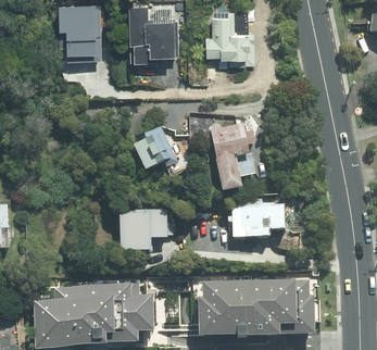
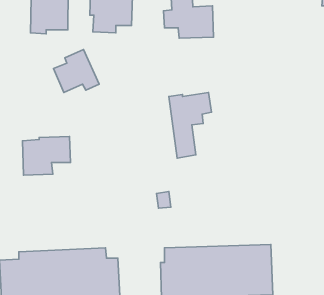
building: [125,124,173,168] -> [53,50,99,92]
building: [234,204,278,236] -> none
building: [110,209,160,249] -> [23,137,70,175]

